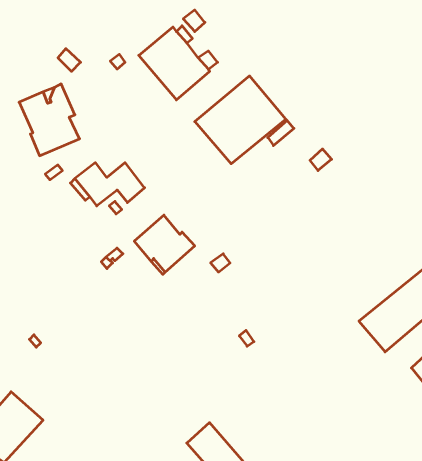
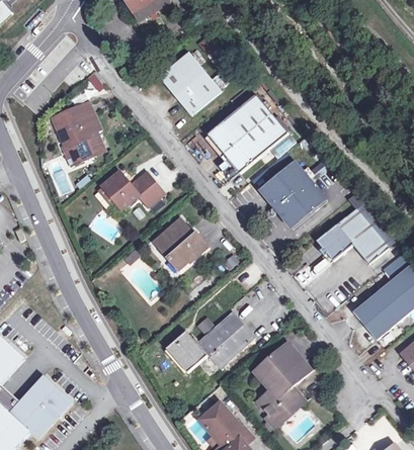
building: none -> [259,160,327,229]
building: none -> [316,208,388,263]
building: none -> [165,312,253,372]
building: none -> [254,342,311,427]

